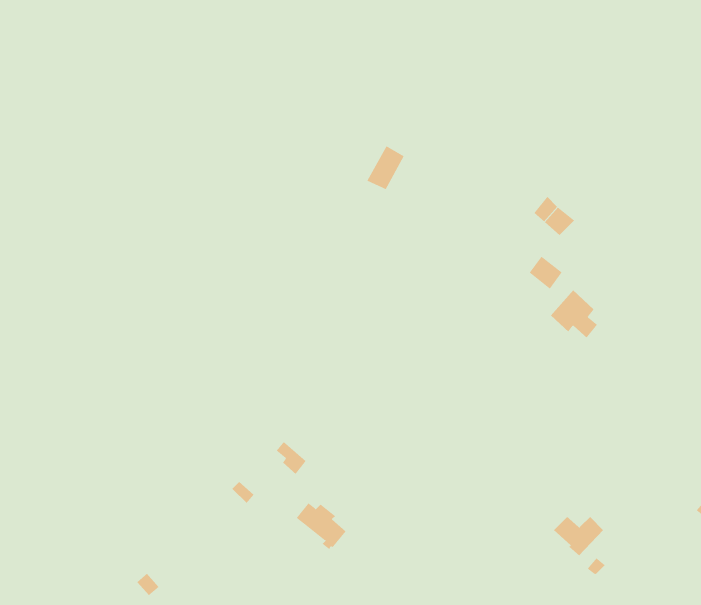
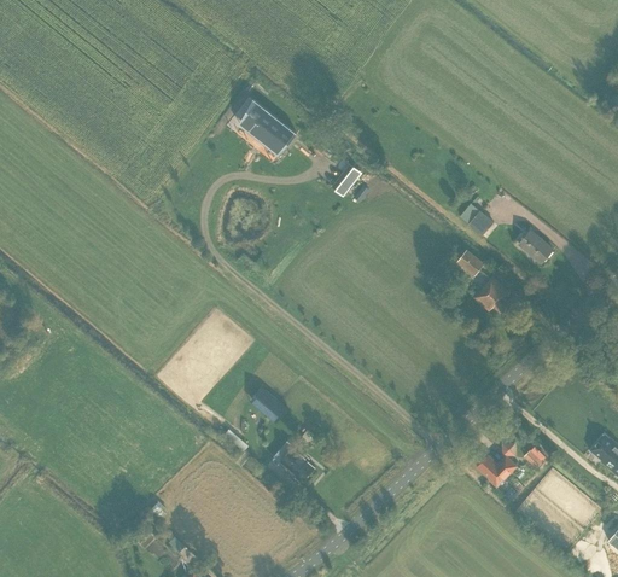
building: none -> [241,101,295,151]
building: none -> [517,231,550,263]

